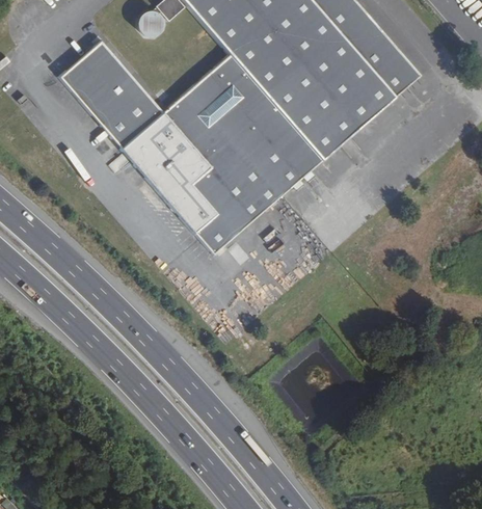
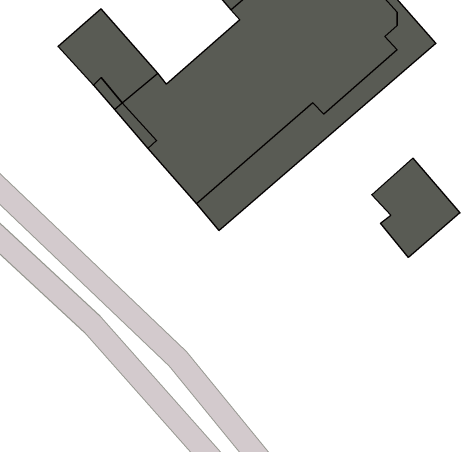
building: none -> [372,158,460,257]

